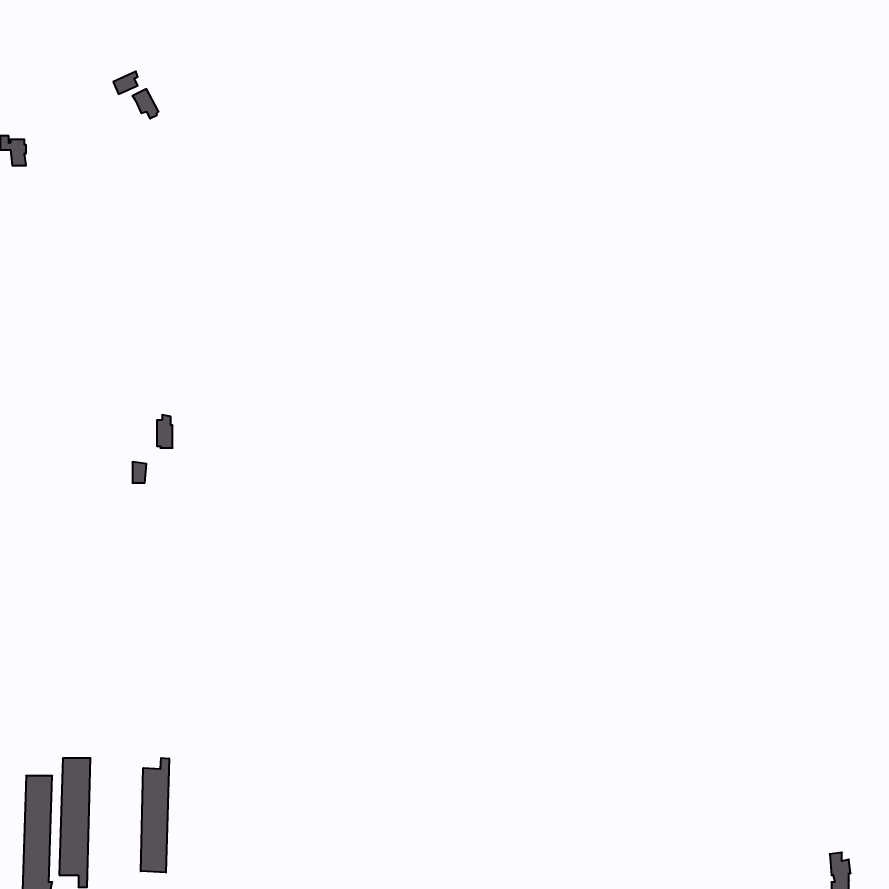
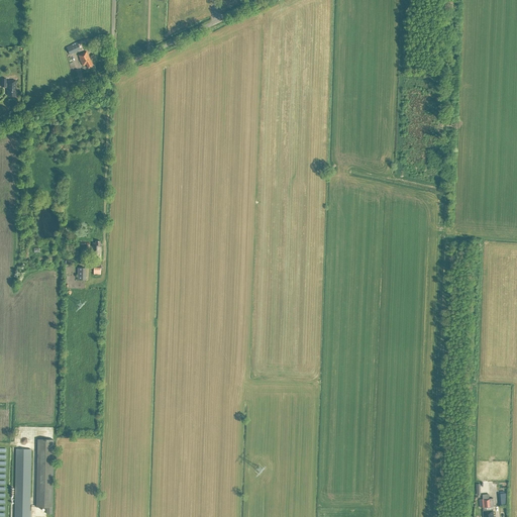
building: [141,758,169,873] -> none

